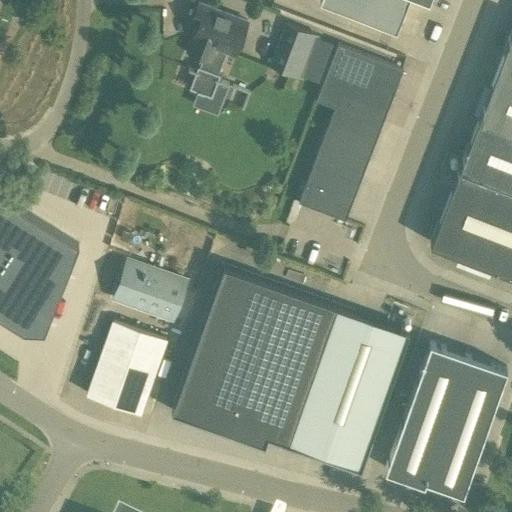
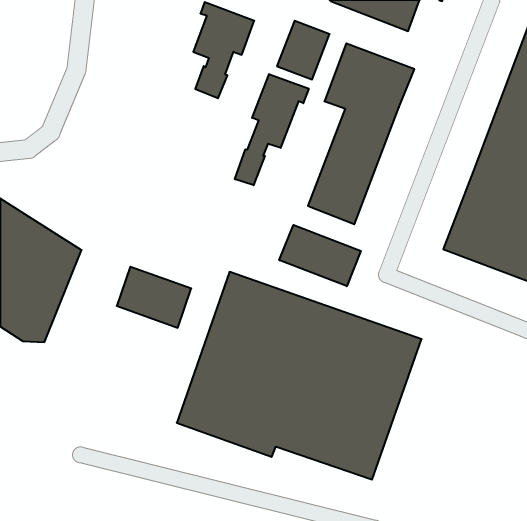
building: none -> [235,74,309,185]
building: none -> [279,225,361,286]
building: [87,324,166,418] -> none
building: [385,345,507,496] -> none

